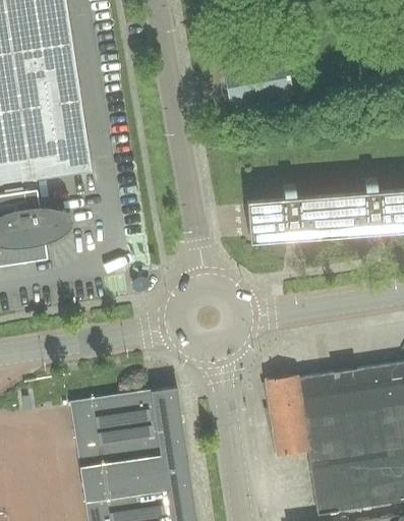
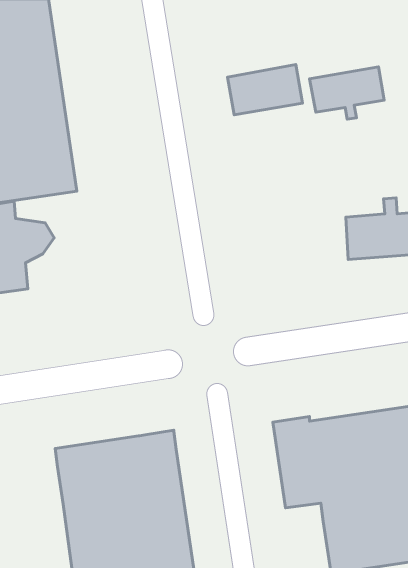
building: none -> [309,67,384,119]
building: [248,185,333,240] -> none

